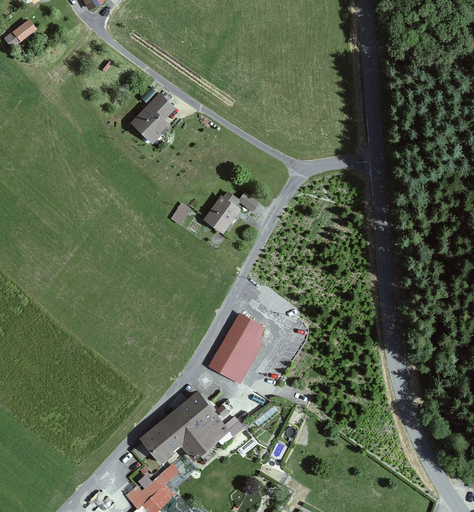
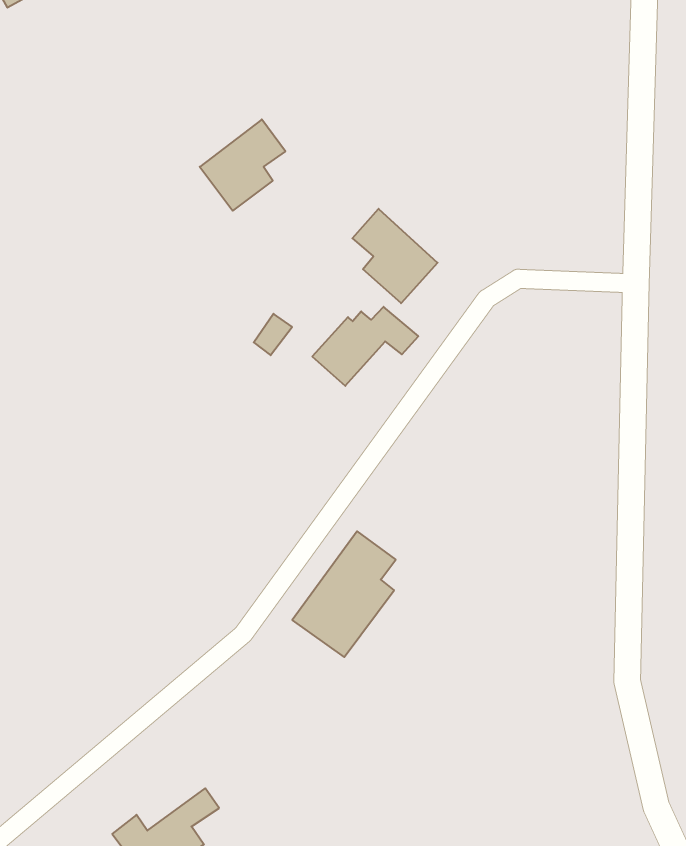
building: none -> [352,209,438,303]
building: [140,391,232,466] -> none

